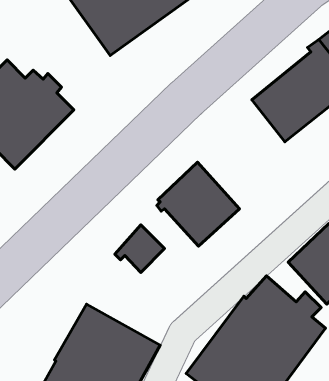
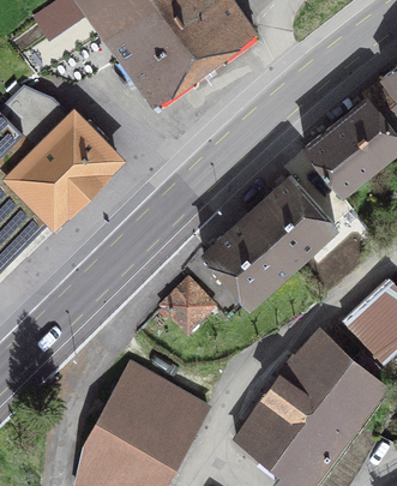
building: none -> [247,178,335,265]

